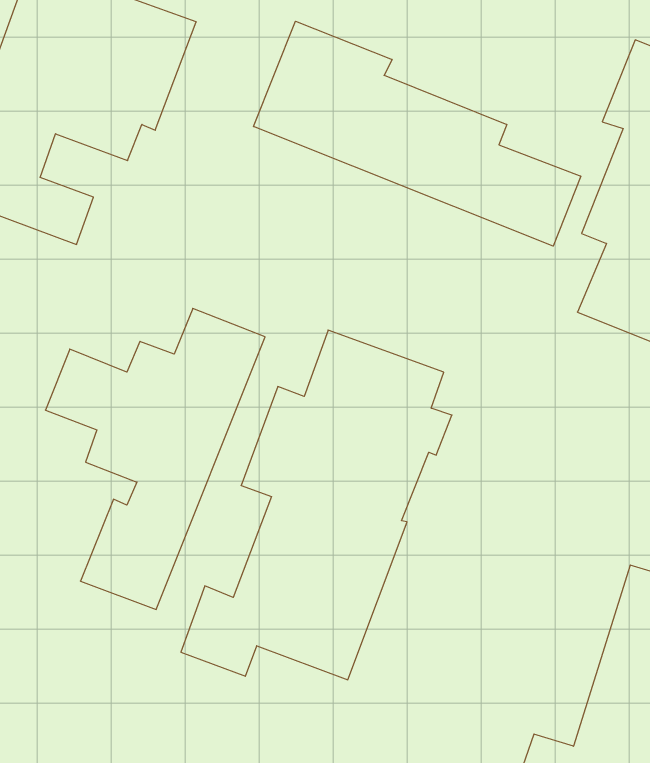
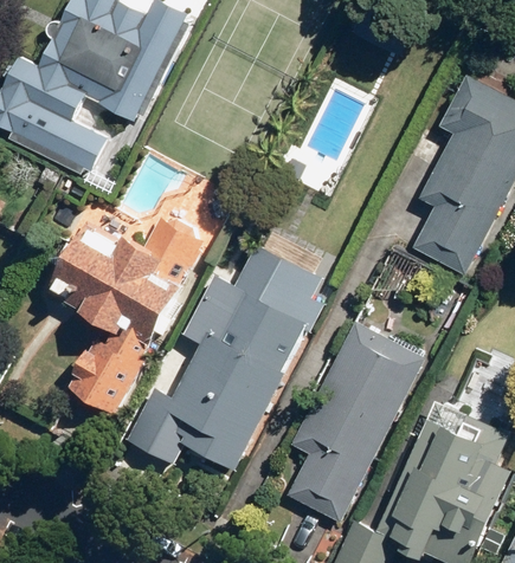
building: [254,21,581,246] -> none
building: none -> [288,319,426,522]

